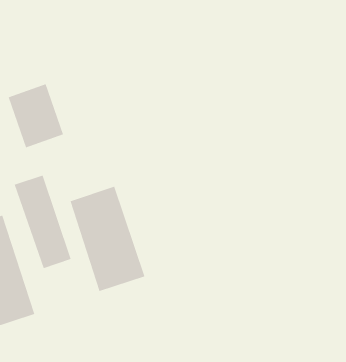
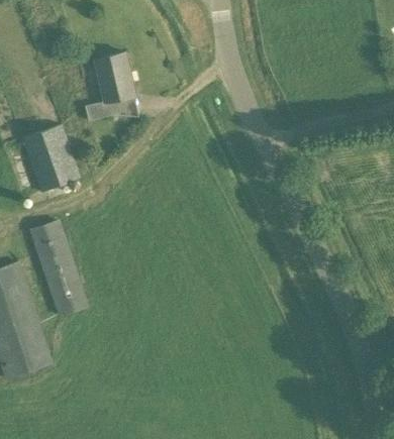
building: none -> [86,53,138,118]
building: [70,186,145,292] -> none

